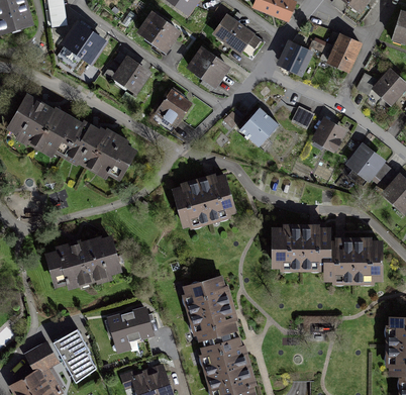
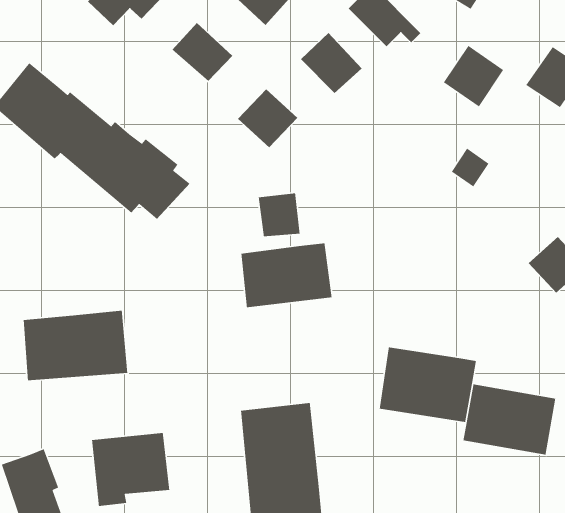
building: [240,106,279,144] -> none
building: [313,119,345,152] -> none
building: none -> [258,192,300,237]

